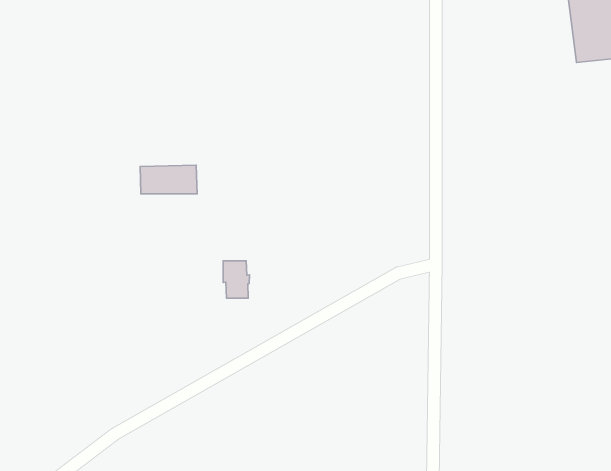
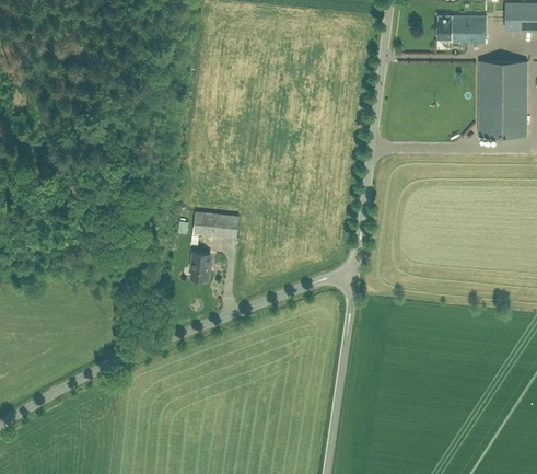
building: [140,165,197,194] -> [192,212,237,239]

